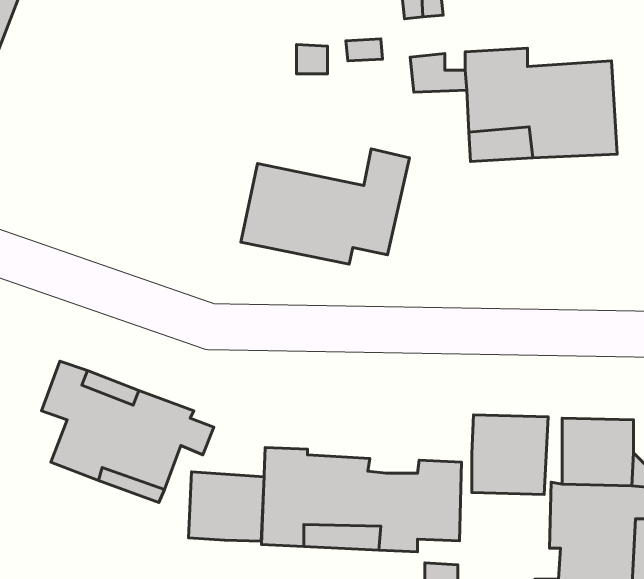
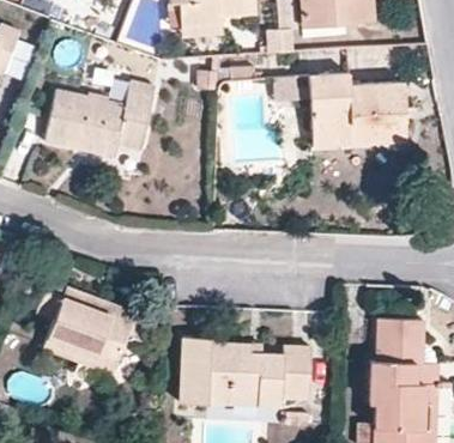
building: [241,149,410,264] -> [47,83,157,158]
building: [472,415,548,494] -> none
building: [188,472,264,541] -> none

